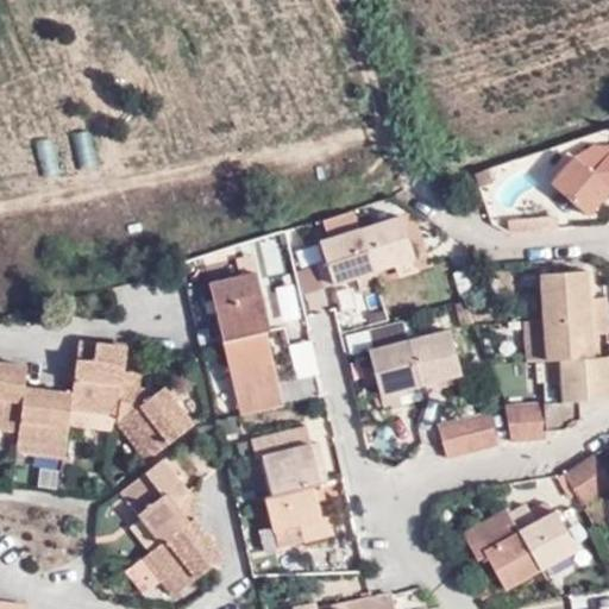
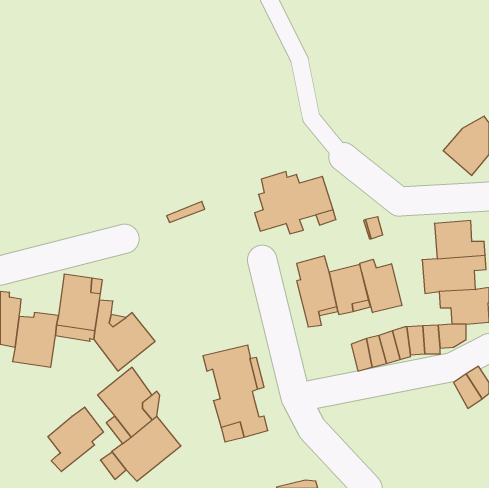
building: [208,270,280,413] -> none
building: none -> [360,259,402,313]
building: [464,503,576,589] -> none
building: none -> [48,407,104,472]

